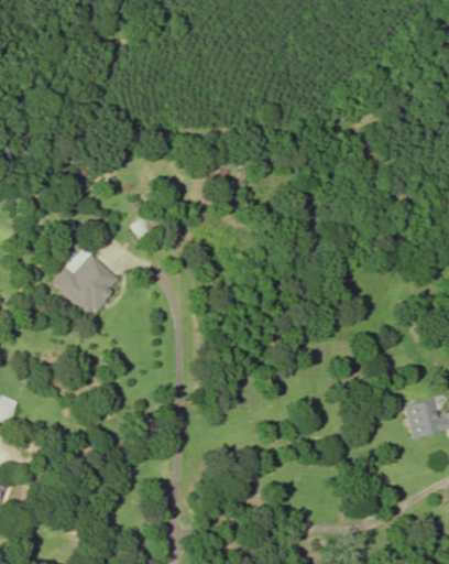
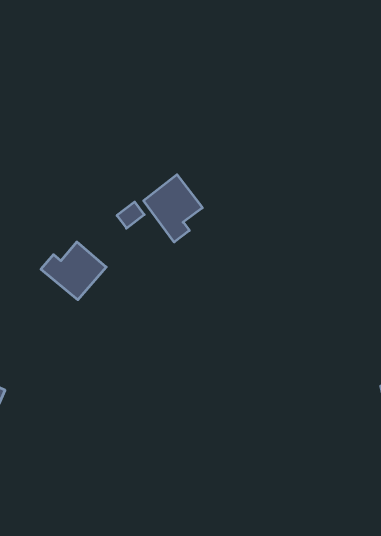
building: none -> [144,175,202,242]

